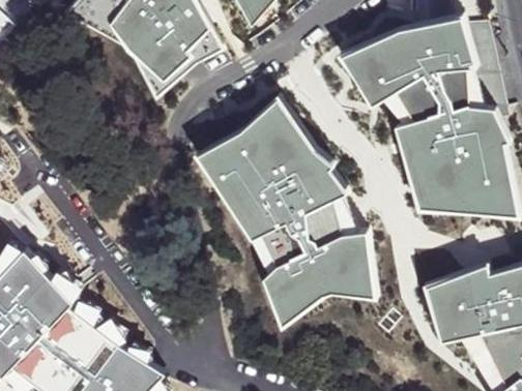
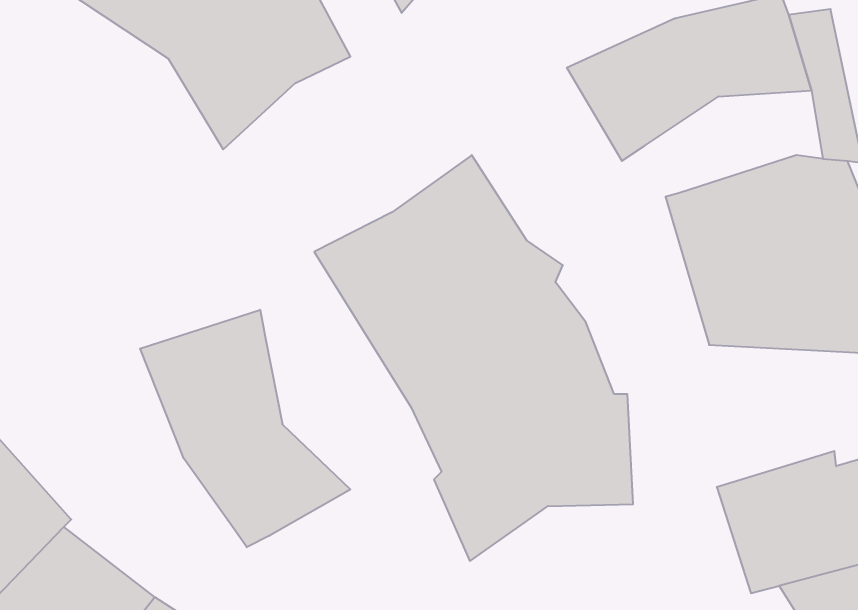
building: [382,69,480,125] -> none
building: none -> [140,310,350,547]

